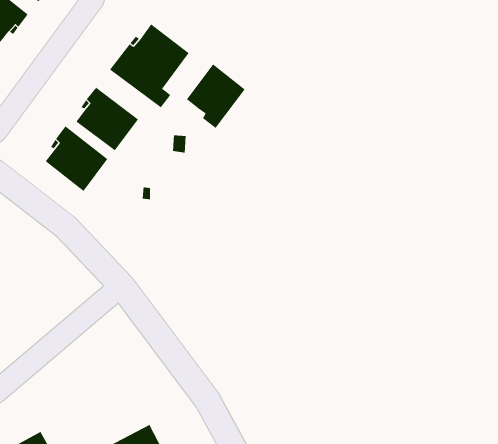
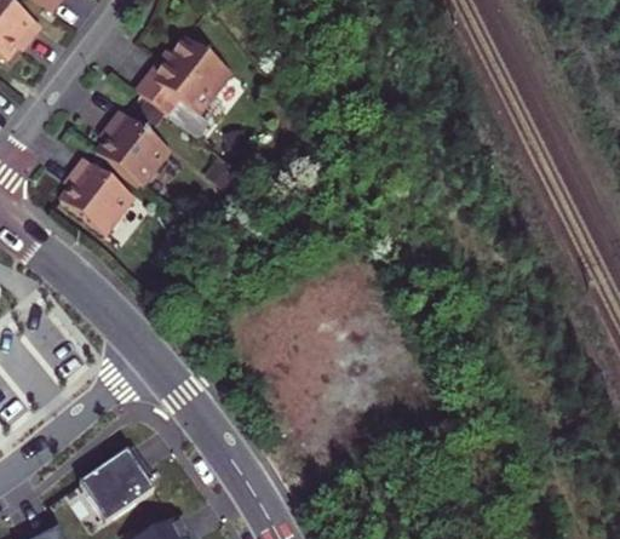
building: [186,63,246,129] -> none
building: none -> [80,443,155,520]

